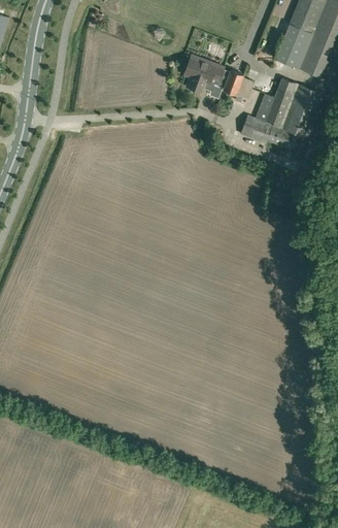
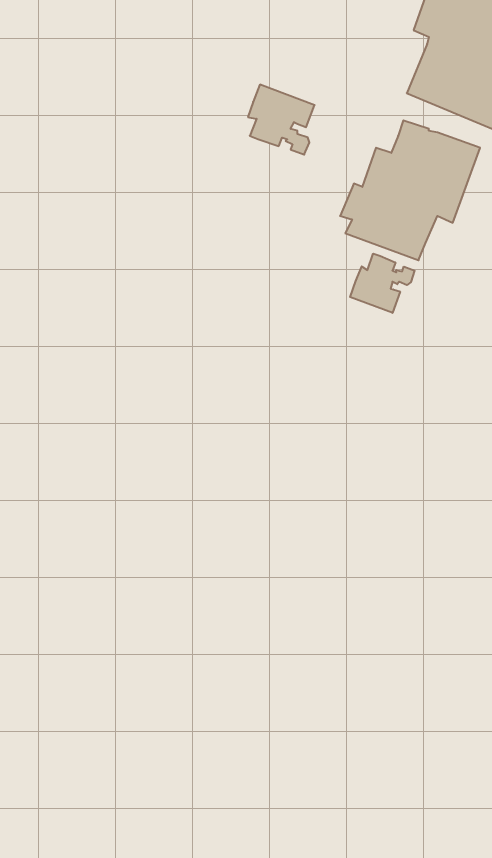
building: [218,69,249,97] -> none
building: none -> [350,254,415,313]

